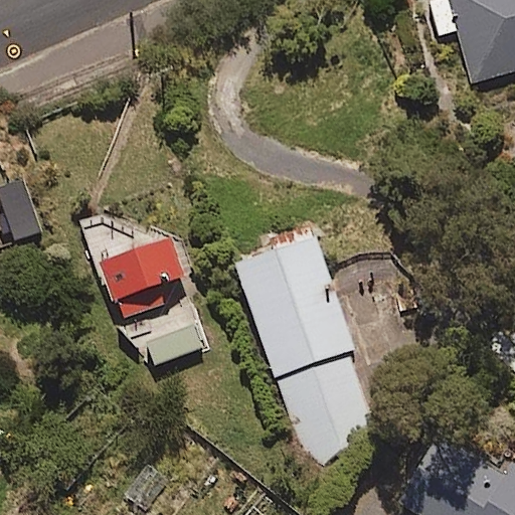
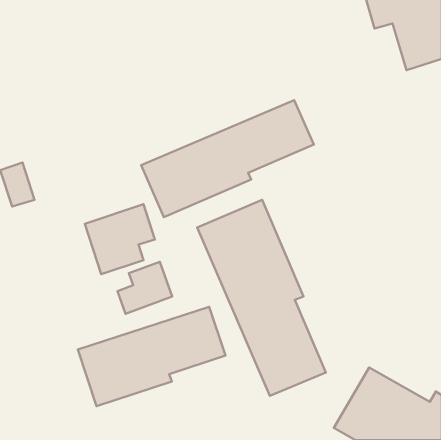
building: none -> [141,100,314,217]
building: none -> [78,307,226,406]

